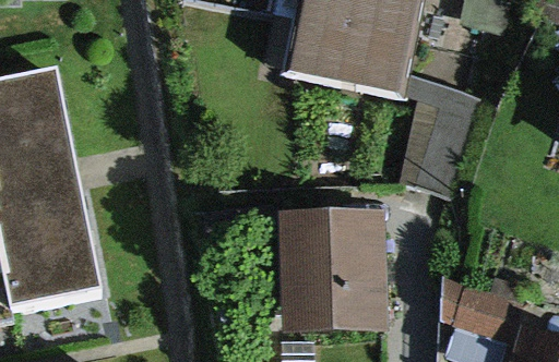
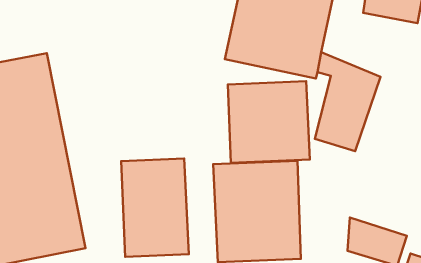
building: none -> [228,81,310,163]
building: none -> [121,159,189,257]

